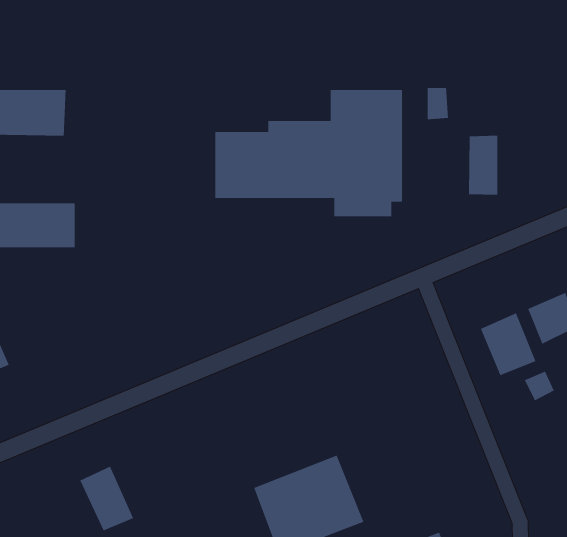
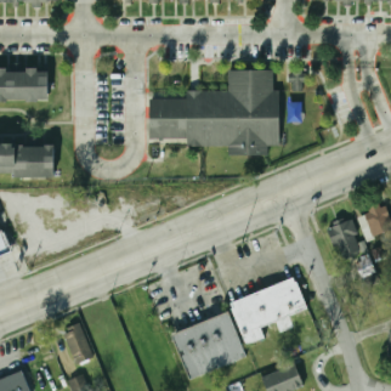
building: [468,135,498,196] -> none
building: none -> [231,277,307,345]

